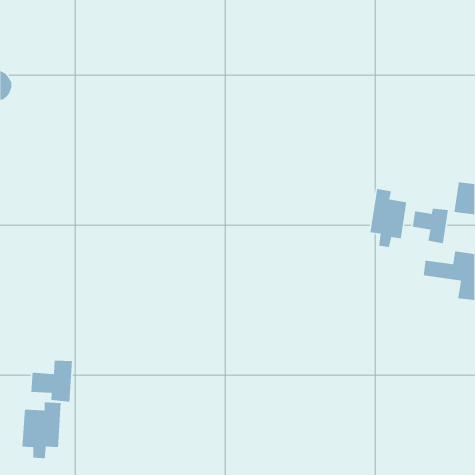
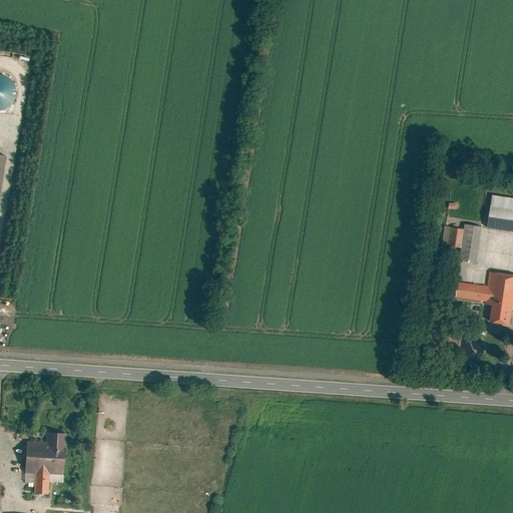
building: [369,188,407,248] -> none
building: [31,360,73,403] -> none

